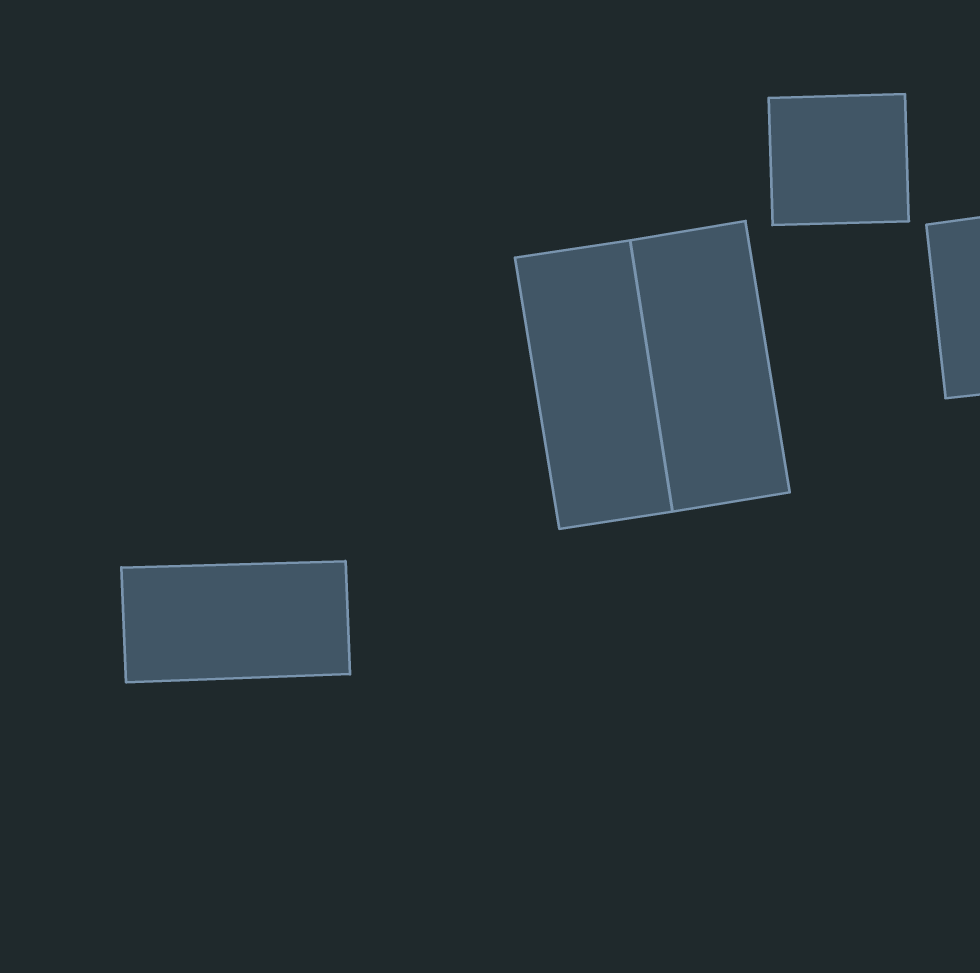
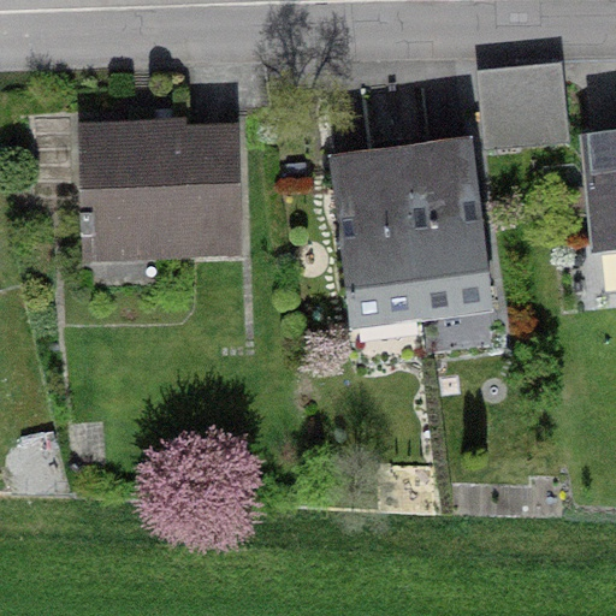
building: none -> [75,122,244,262]
building: [121,561,350,682] -> none

